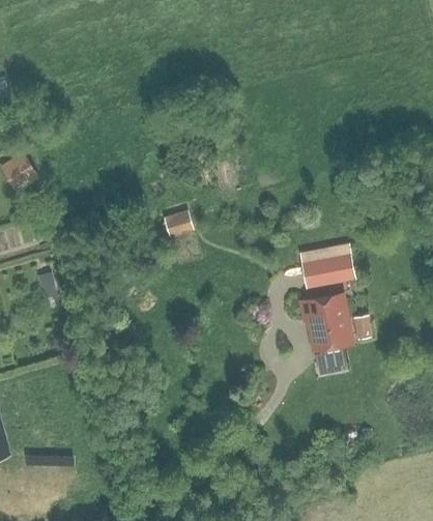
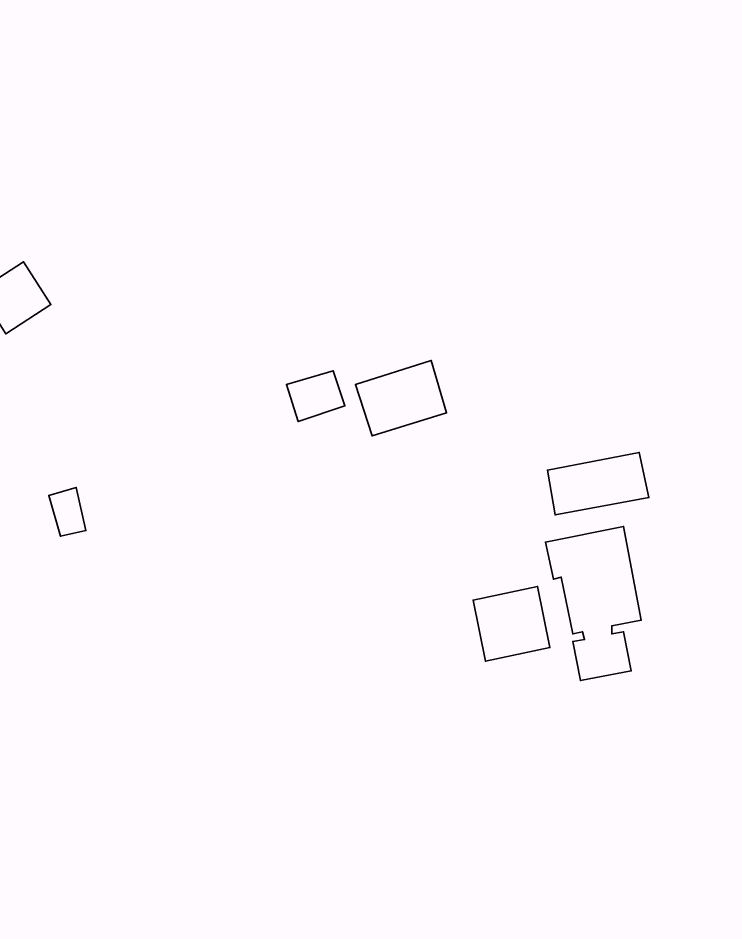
building: none -> [356,361,446,436]
building: none -> [473,587,550,661]

